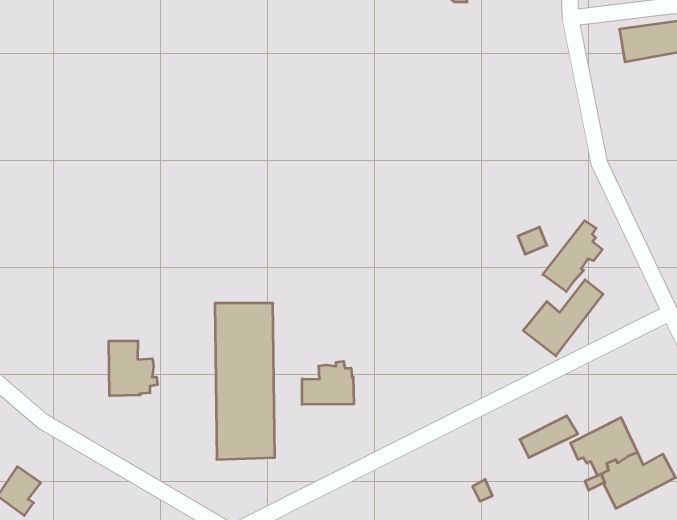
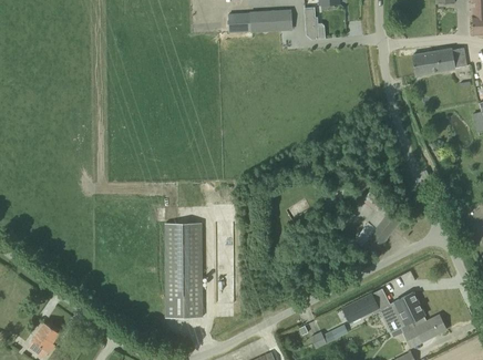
building: [543,221,602,292] -> none
building: [109,341,158,396] -> none
building: [302,361,354,405] -> none

